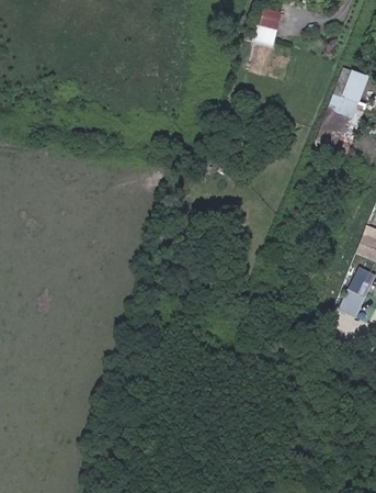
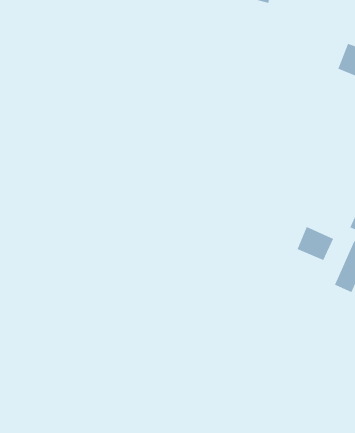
building: none -> [297,226,334,261]

